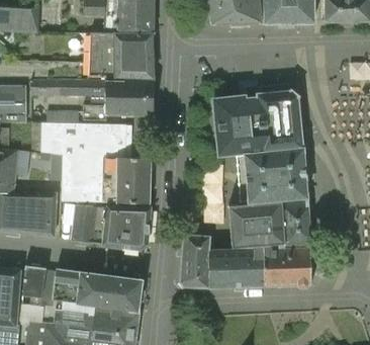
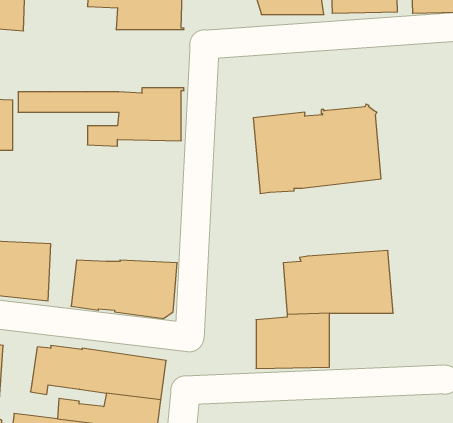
building: [89,33,155,78] -> none
building: [41,122,151,202] -> none
building: [236,145,306,203] -> none
building: [180,234,209,286] -> none
building: [263,245,311,286] -> none
building: [23,265,45,306] -> none

